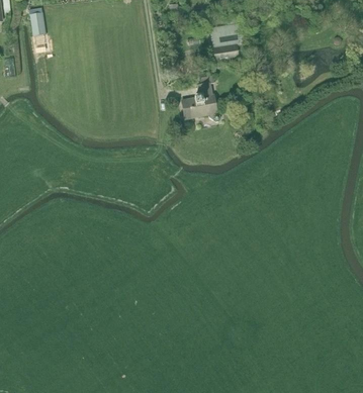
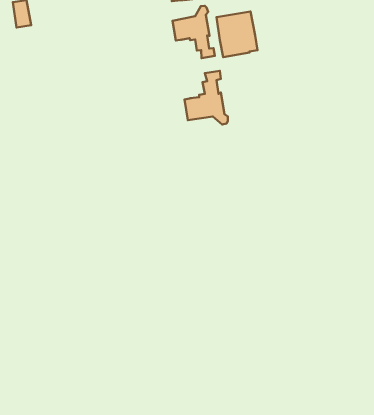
building: none -> [173,6,215,58]

